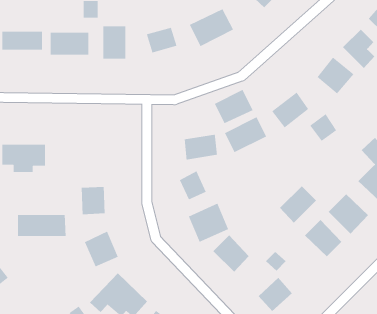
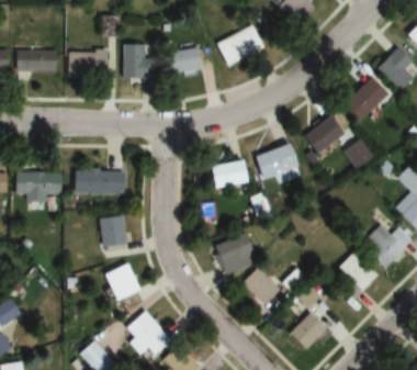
building: [214,89,254,124] -> none
building: [179,170,207,201] -> none
building: [279,186,317,224] -> none
building: [17,214,67,237] -> [74,169,126,193]

